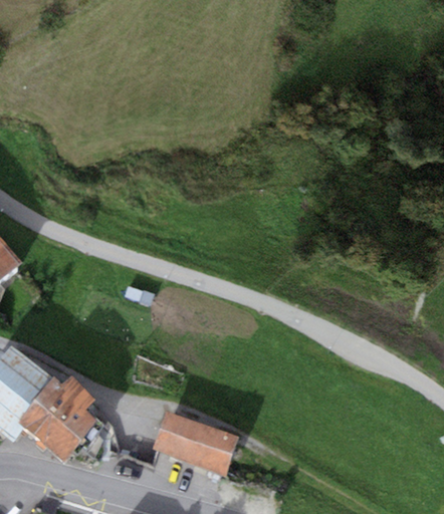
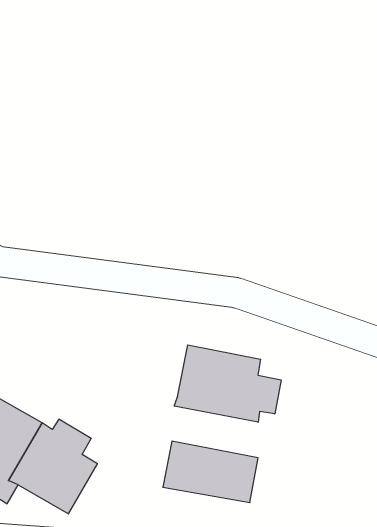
building: none -> [174,345,281,422]

